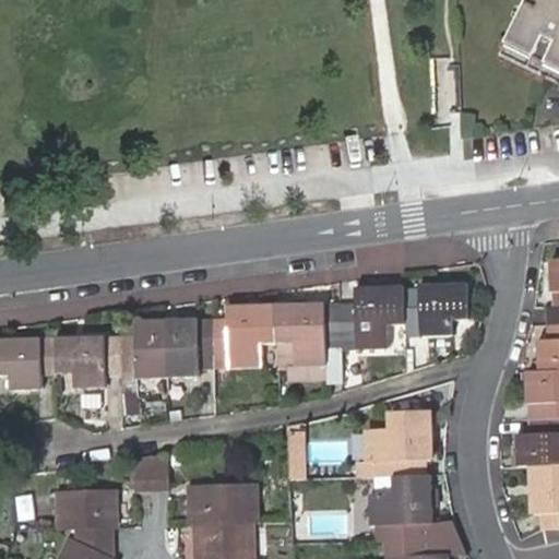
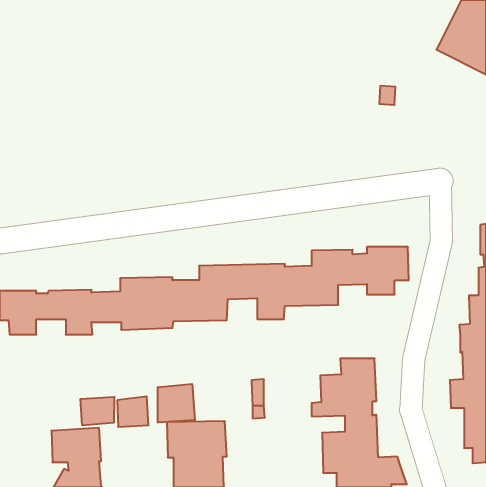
building: none -> [158,384,195,423]
building: none -> [80,397,114,425]

